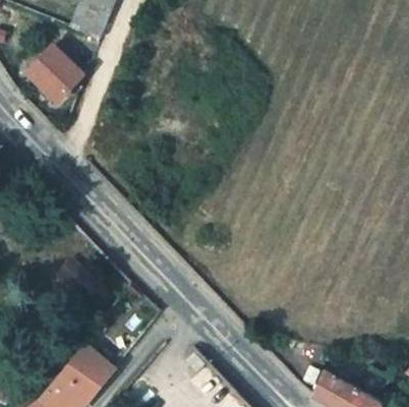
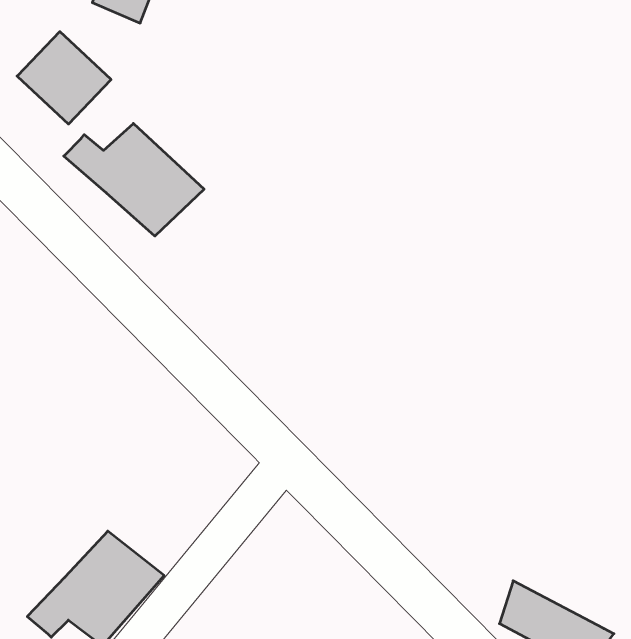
building: none -> [64,123,204,236]

